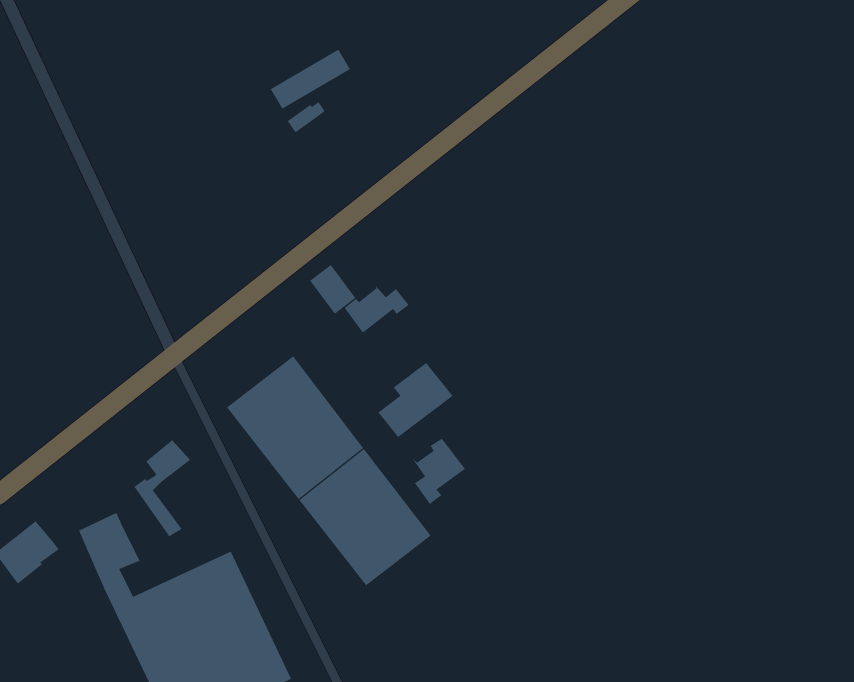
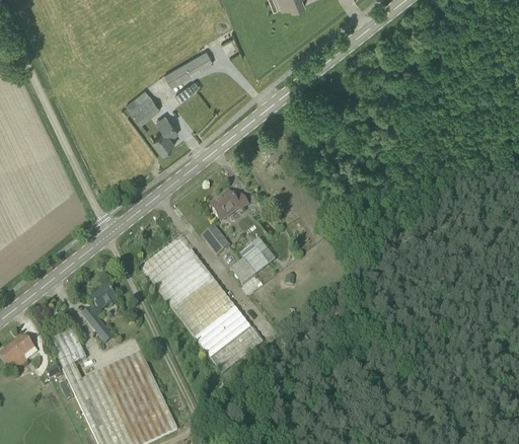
building: none -> [127,94,160,122]
building: none -> [153,116,177,151]
building: [309,264,356,315] -> [201,224,229,254]
building: [412,438,466,505] -> none

